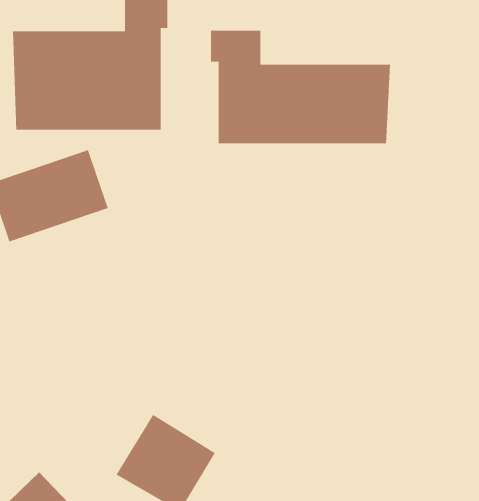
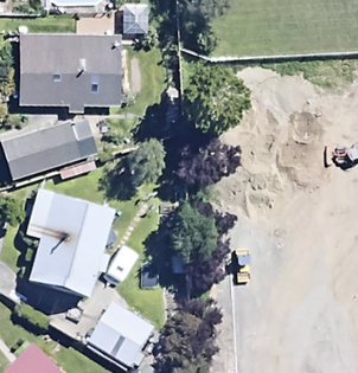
building: [210,30,391,144] -> none
building: none -> [24,187,111,300]

